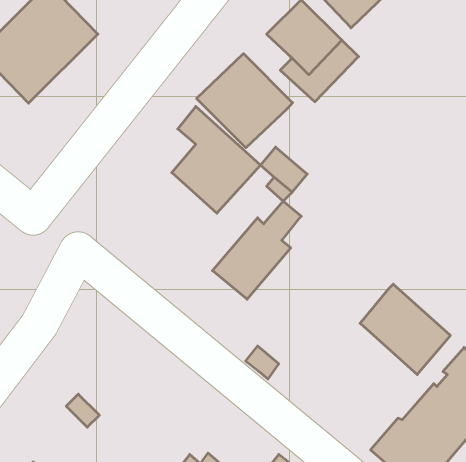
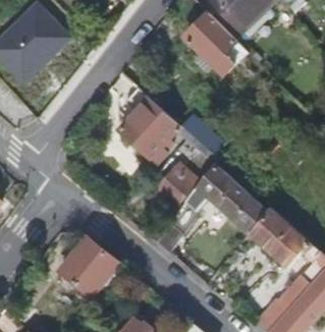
building: [197,54,293,148] -> none
building: none -> [154,164,266,254]
building: none -> [57,234,117,295]

